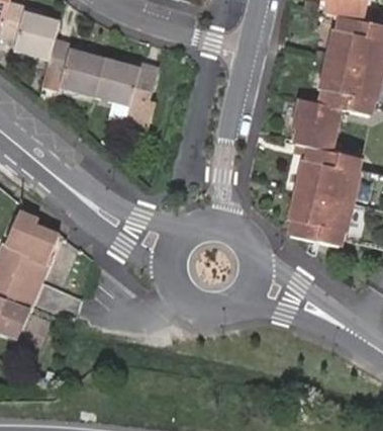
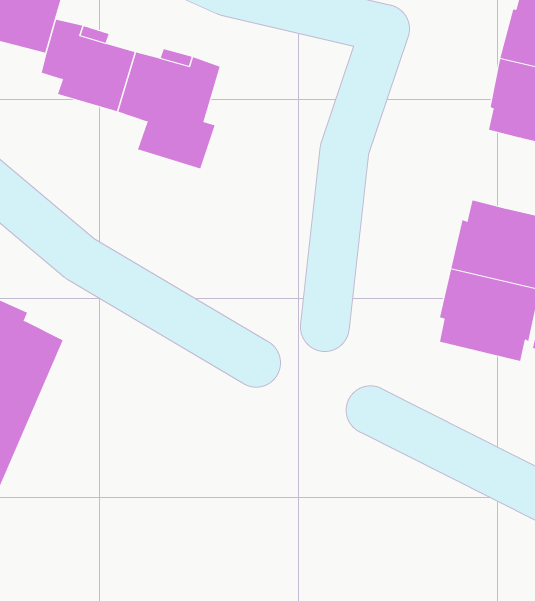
building: [294,100,341,153] -> none

